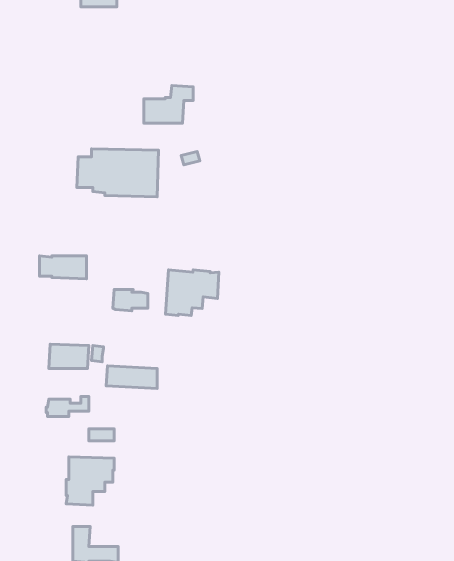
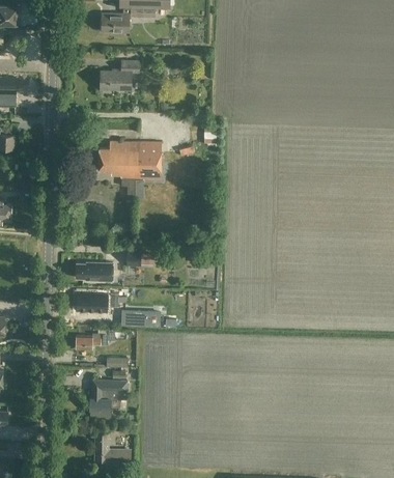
building: [144,86,193,123] -> [100,60,138,89]
building: [40,256,86,279] -> [76,262,112,280]
building: [165,270,219,316] -> none

